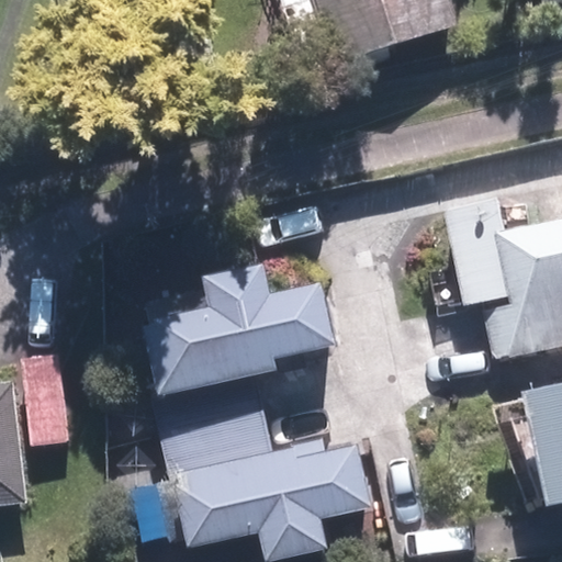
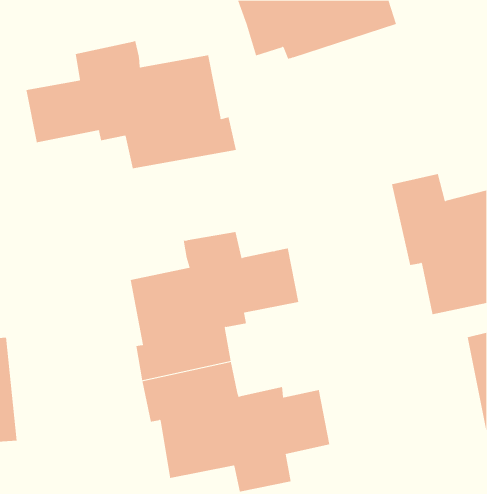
building: none -> [26,40,237,169]

